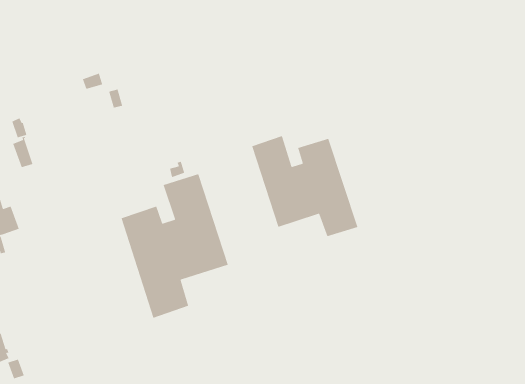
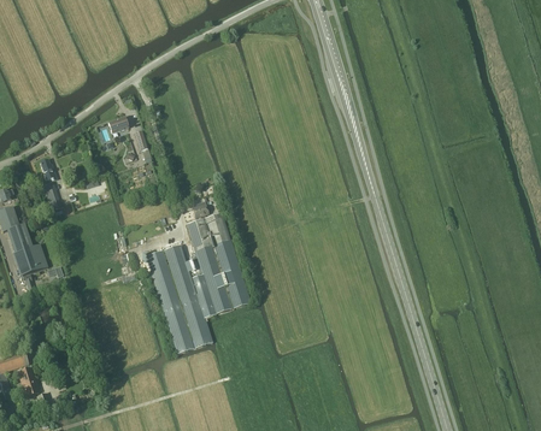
building: [251,135,358,237] -> none

